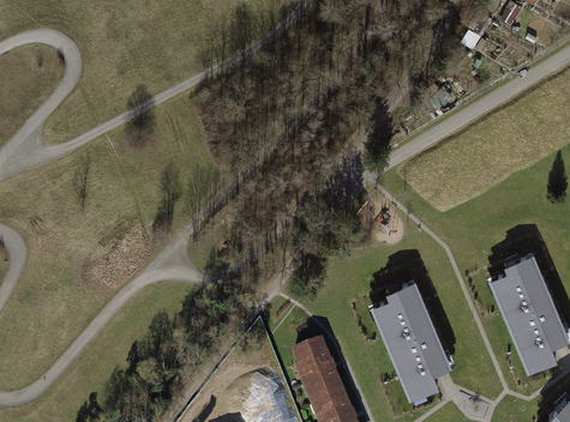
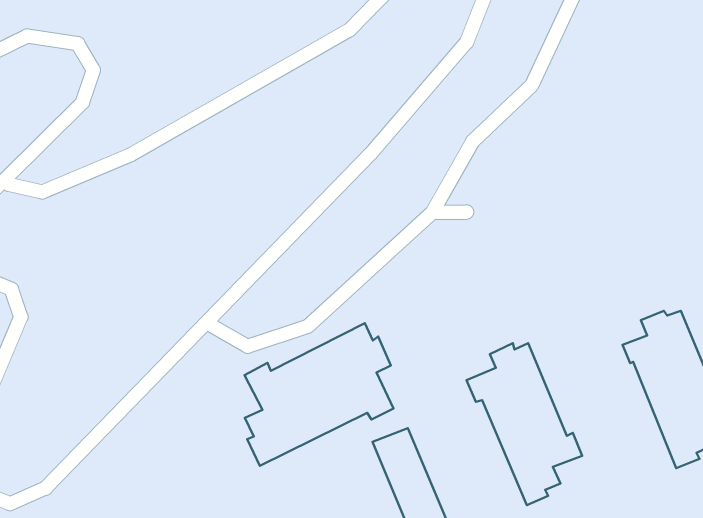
building: none -> [244,323,394,466]

